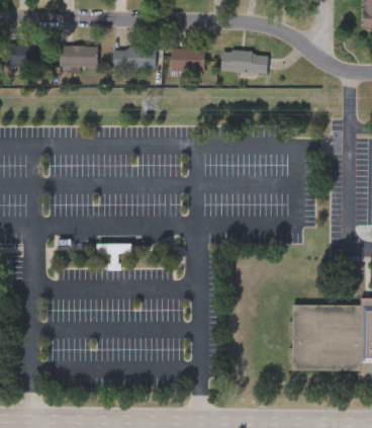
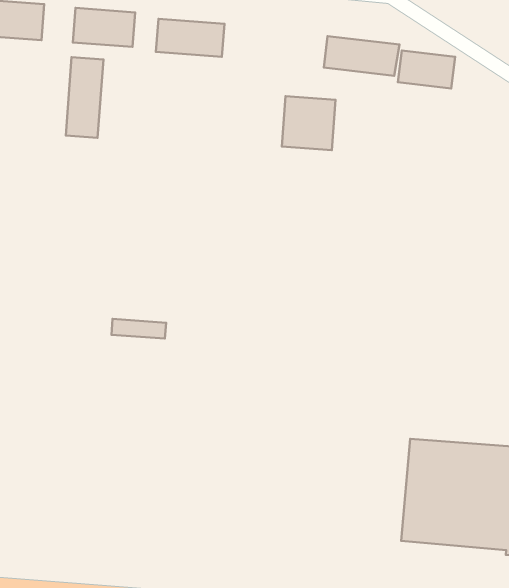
building: [170,49,202,81] -> [282,96,336,150]
building: none -> [398,51,455,88]
building: none -> [66,57,103,138]

